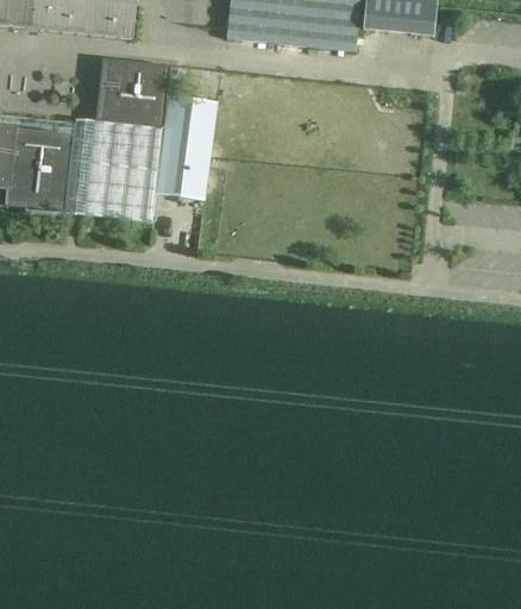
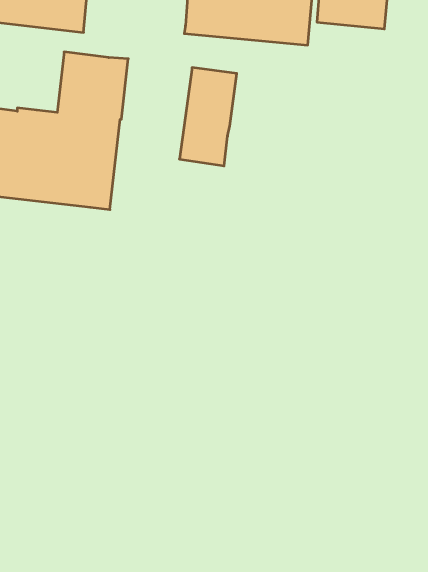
building: [157,95,216,197] -> [179,68,237,166]

